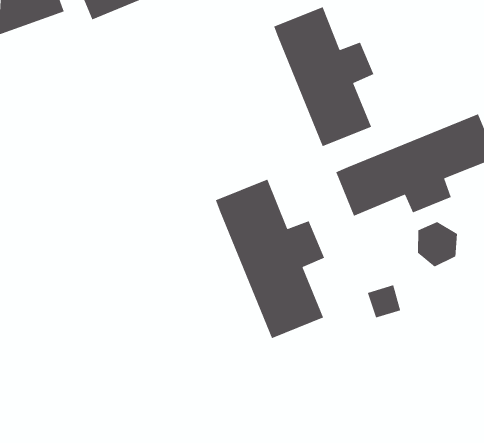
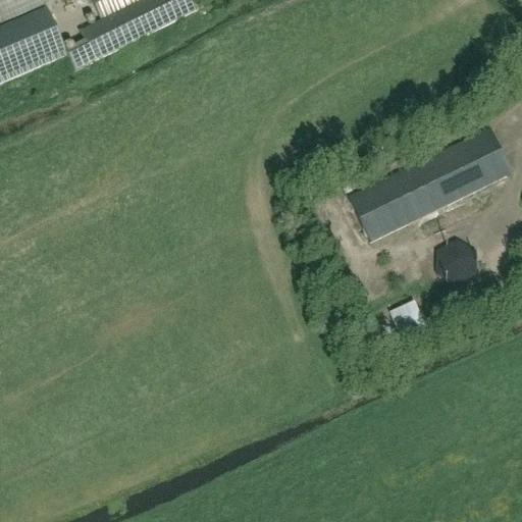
building: [273,6,374,147] -> none
building: [215,178,325,339] -> none

